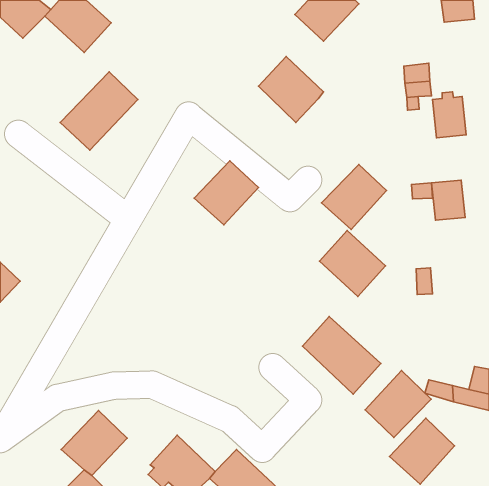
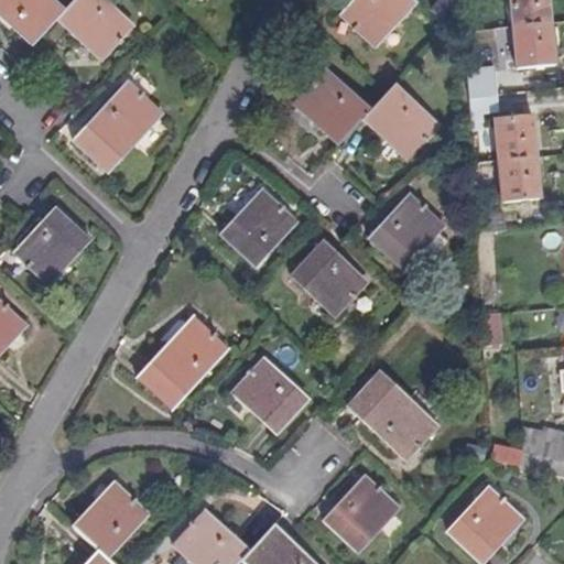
building: none -> [511,25,550,69]
building: none -> [367,84,441,158]
building: [432,180,465,220] -> [502,159,541,205]
building: none -> [11,212,86,288]
building: [320,231,386,297] -> [293,238,369,314]
building: none -> [138,312,229,406]
building: none -> [232,355,308,430]
building: [365,371,431,438] -> [323,470,399,547]

